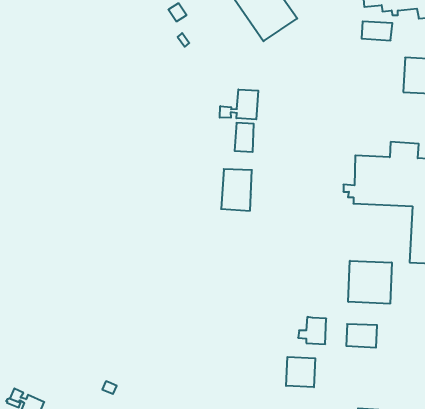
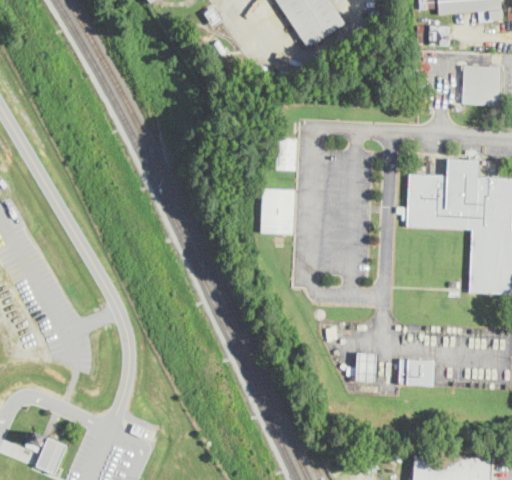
building: [220,89,258,119] -> none
building: [348,261,392,304] -> none
building: [286,357,315,387] -> none

